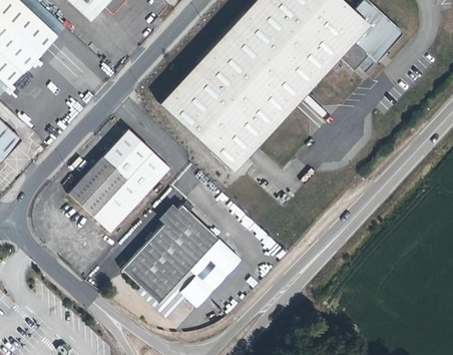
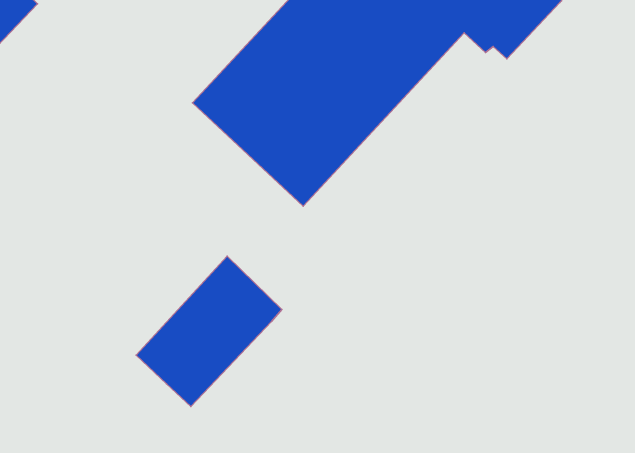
building: [68,127,171,232] -> none
building: [139,247,235,318] -> none

